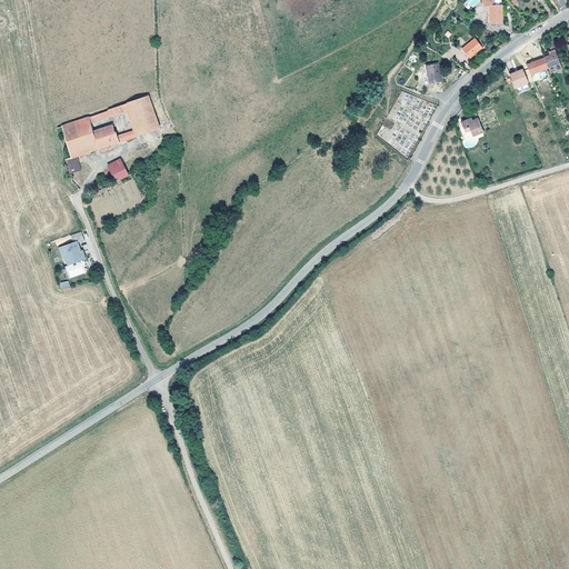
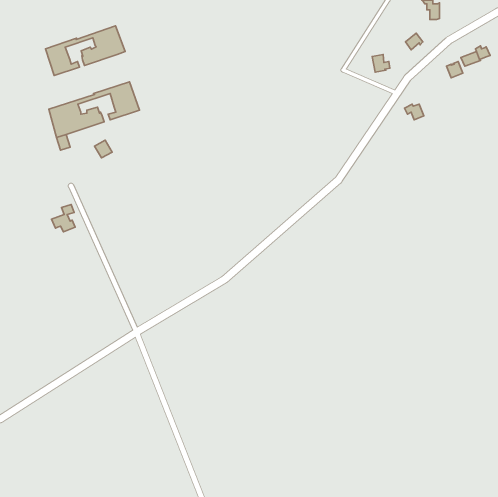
building: none -> [46,26,125,75]

